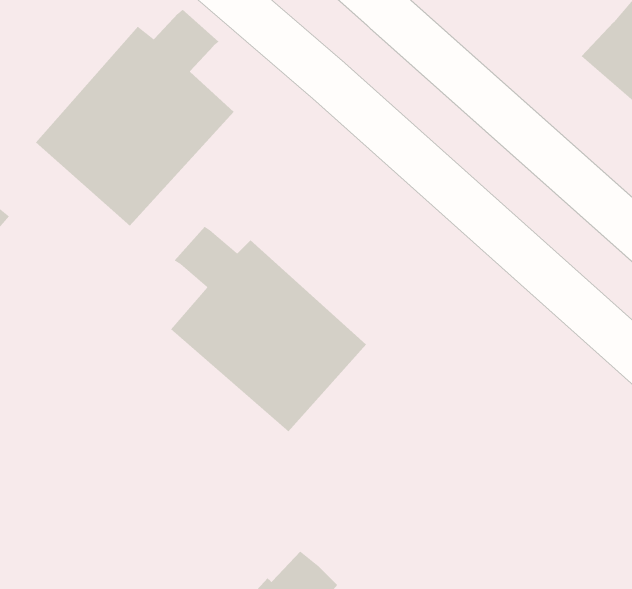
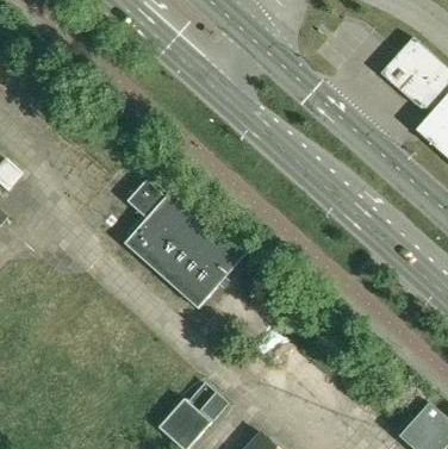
building: [35,9,235,227] -> none

